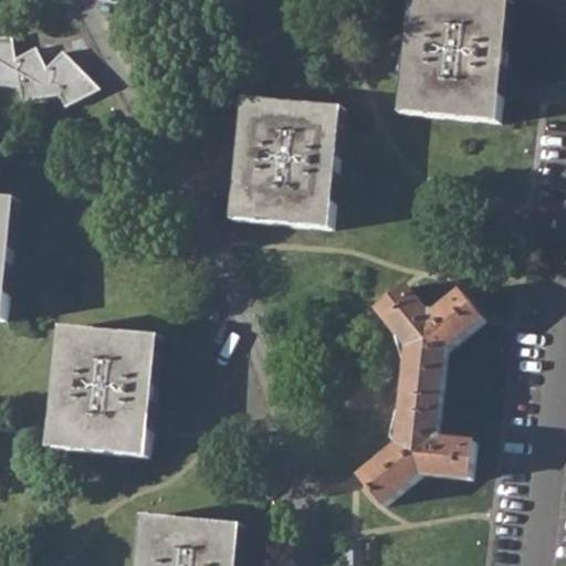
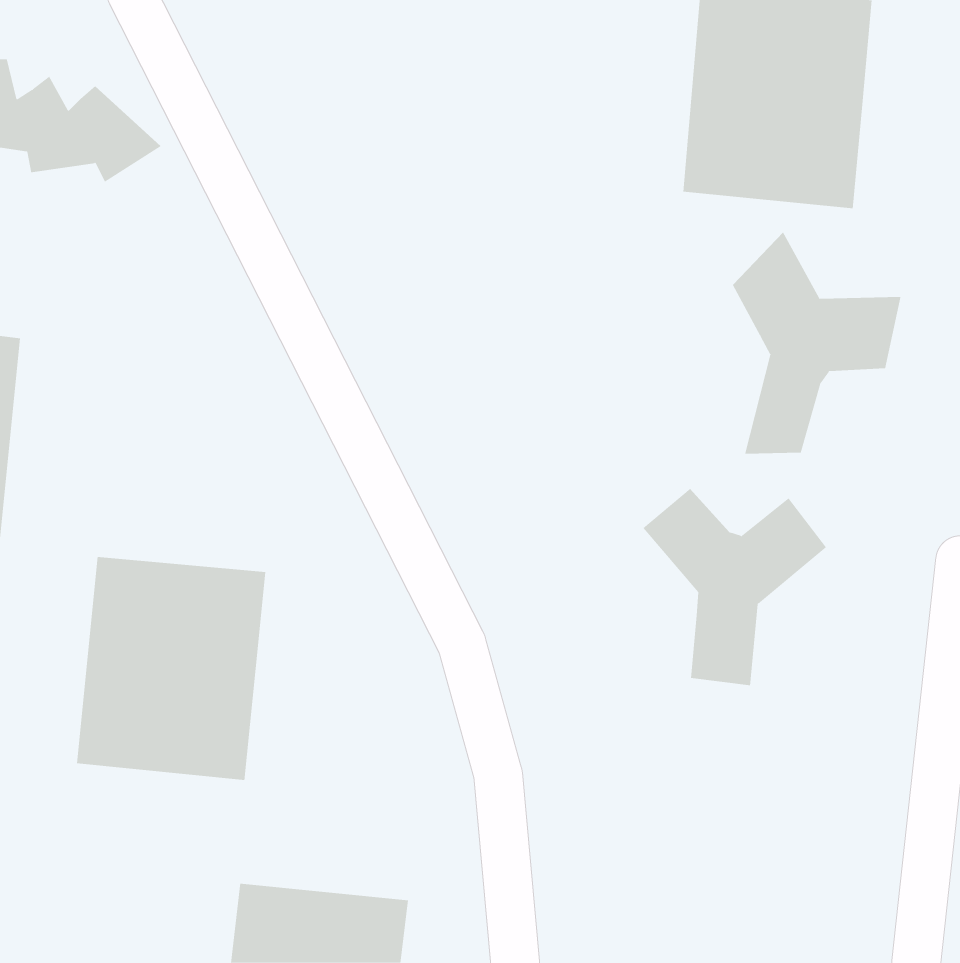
building: [229,96,340,228] -> none
building: none -> [732,231,901,454]
building: [357,395,471,503] -> none

